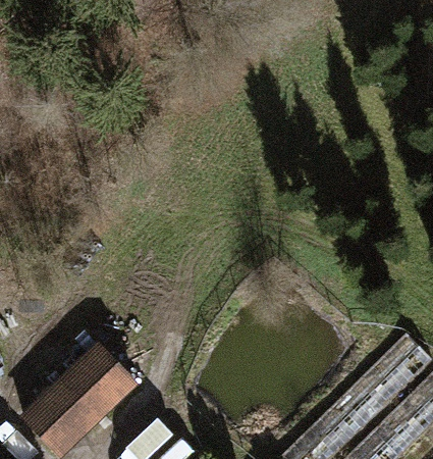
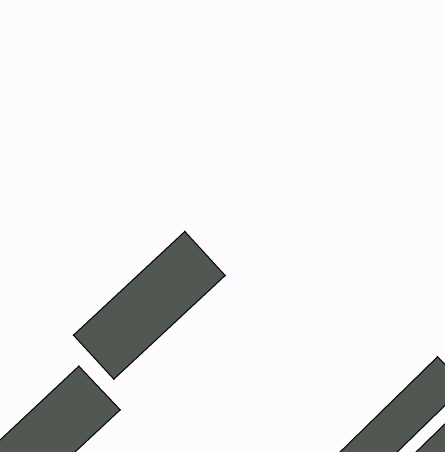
building: none -> [74,231,225,379]

